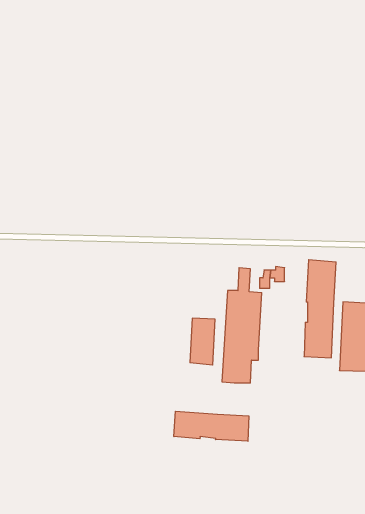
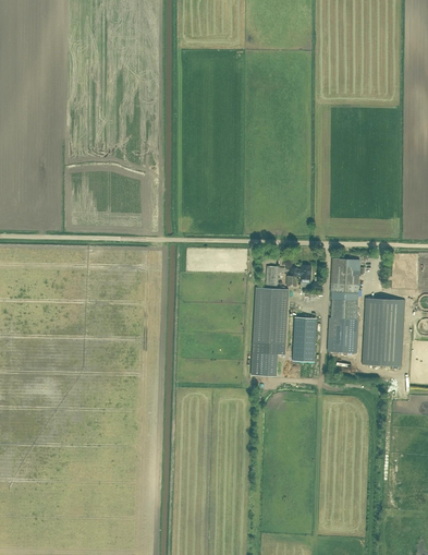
building: [190,318,215,365] -> [292,317,316,362]
building: [174,411,249,441] -> none

